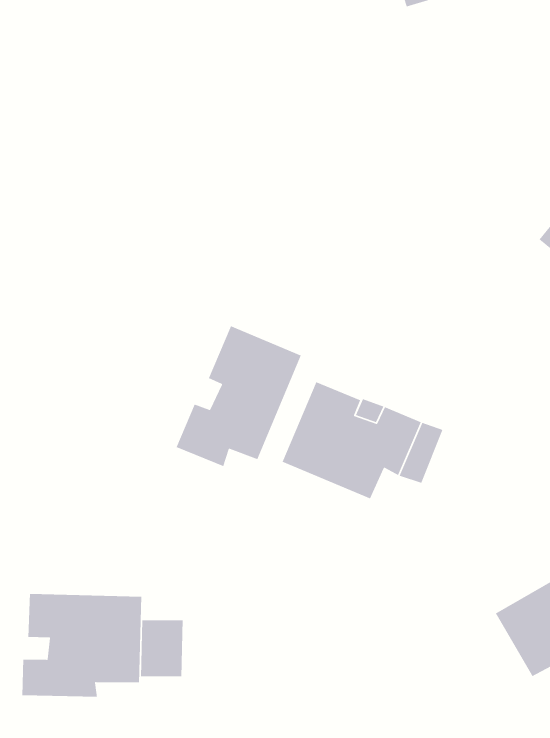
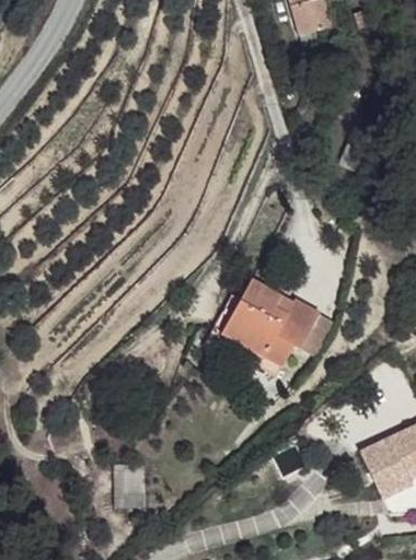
building: [175,325,302,467] -> none
building: [21,593,142,697] -> none

